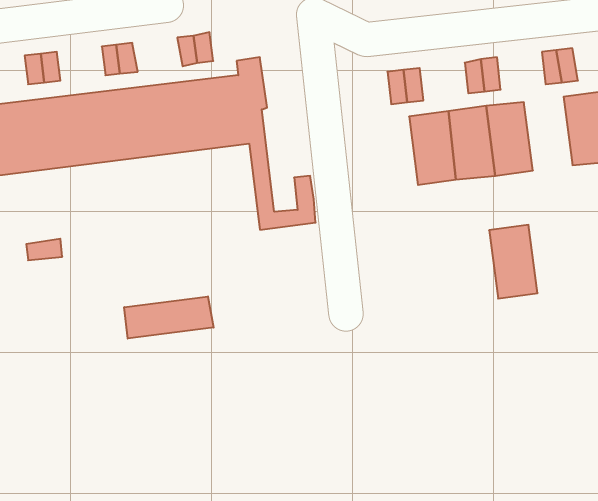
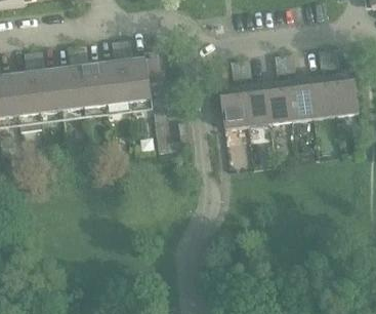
building: none -> [217,85,245,127]
building: [489,225,538,299] -> [305,74,333,116]
building: [124,296,214,339] -> none

